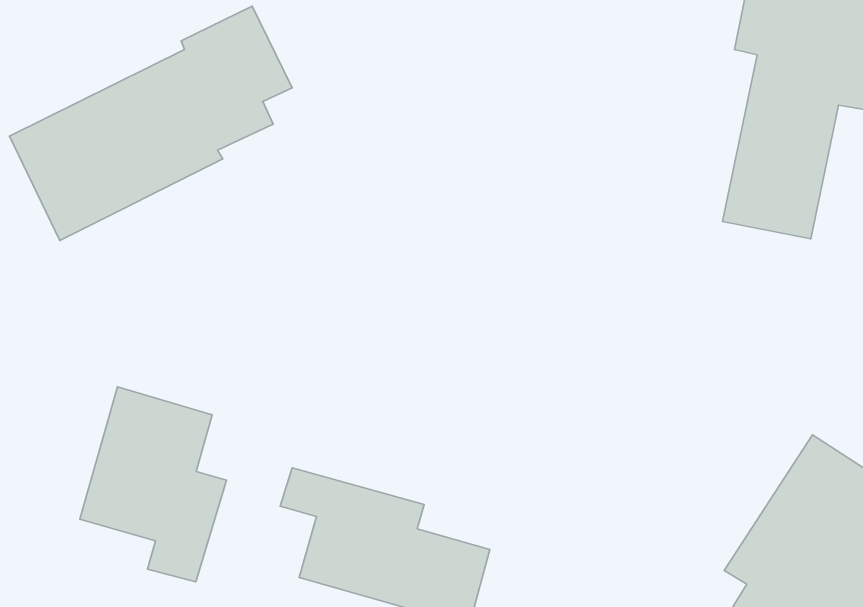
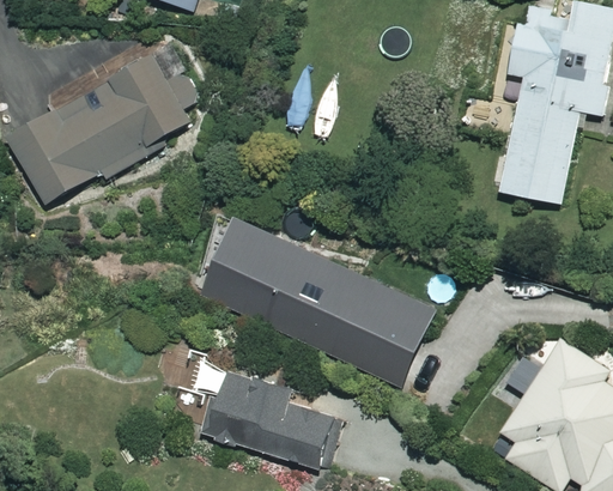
building: none -> [202,222,438,386]
building: [80,387,226,582] -> none

